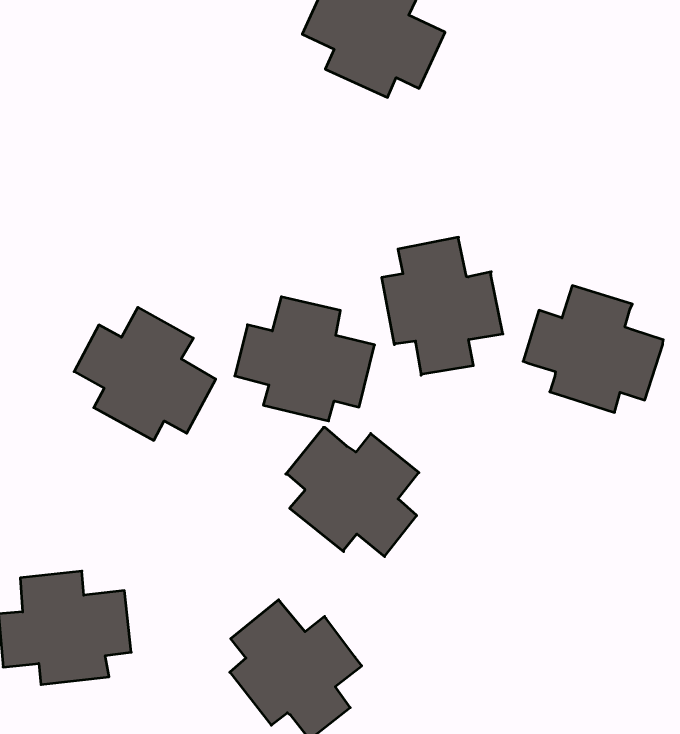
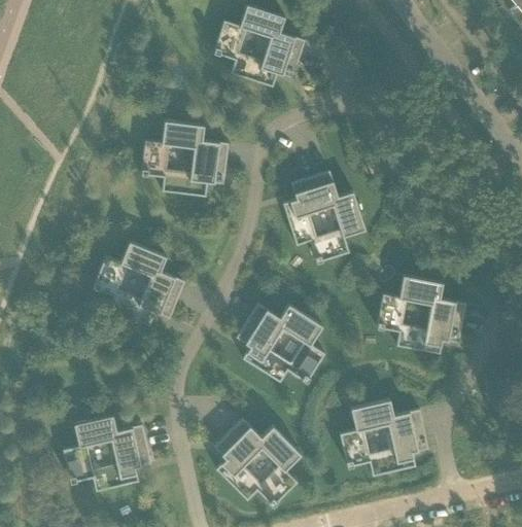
building: [523,286,663,412] -> [378,274,466,352]
building: [235,297,375,421] -> [142,118,230,195]
building: none -> [341,397,429,475]

